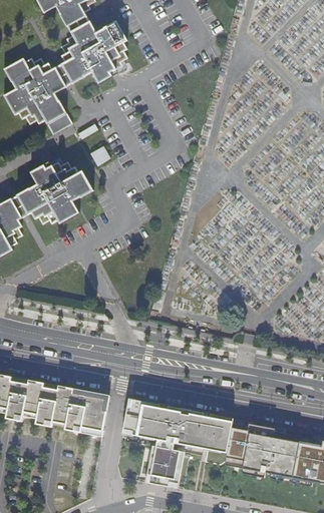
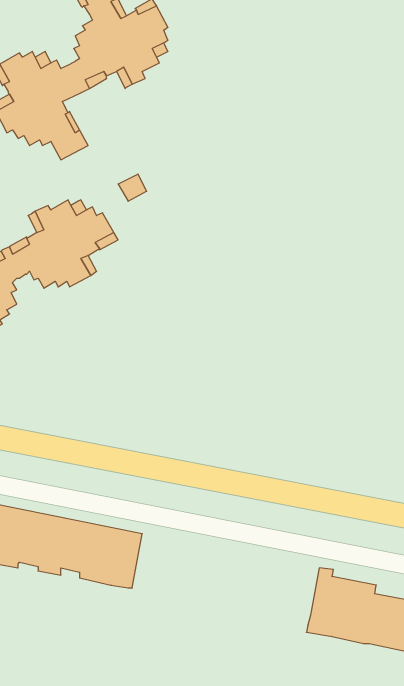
building: [123,399,234,487] -> none

